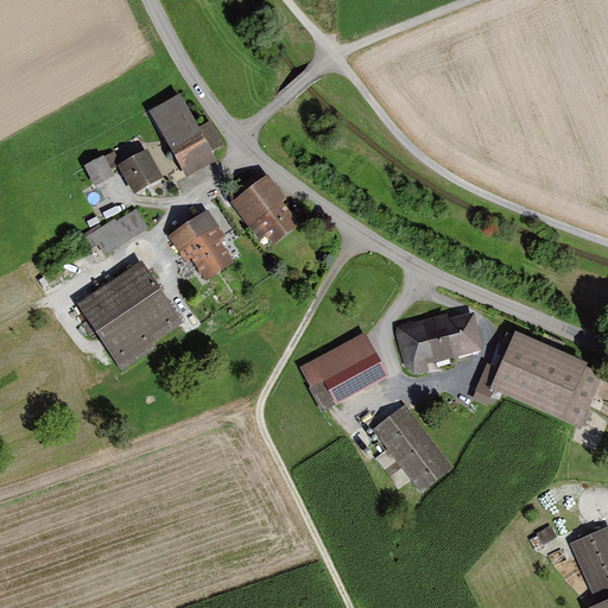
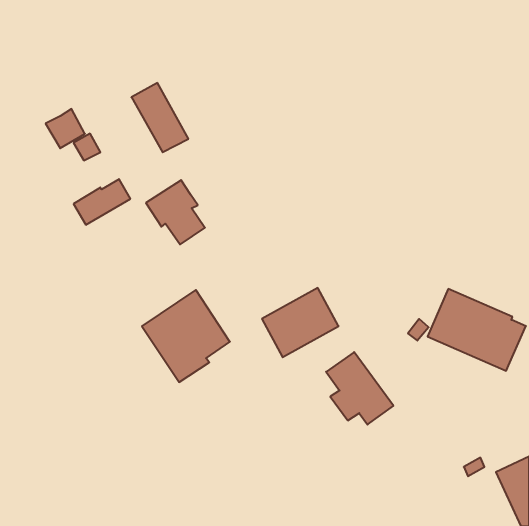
building: [118,148,163,194] -> [46,109,85,148]
building: [224,171,299,248] -> none
building: [80,261,180,367] -> [142,290,230,382]
building: [397,311,483,372] -> none

